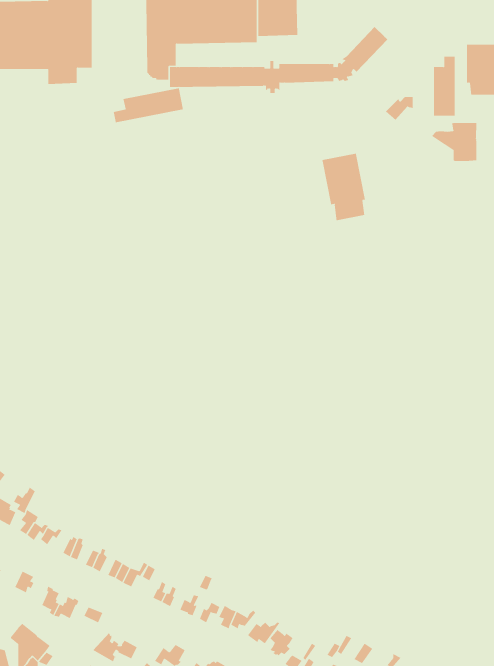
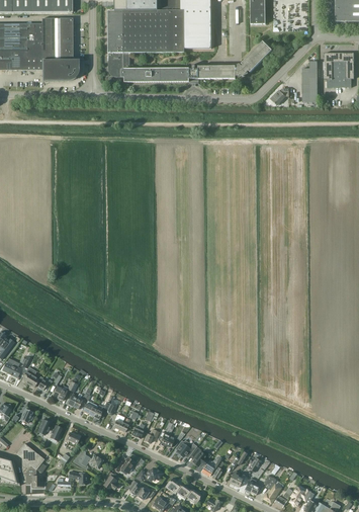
building: [113,87,183,123] -> none
building: [431,122,477,162] -> none
building: [322,153,365,221] -> none

